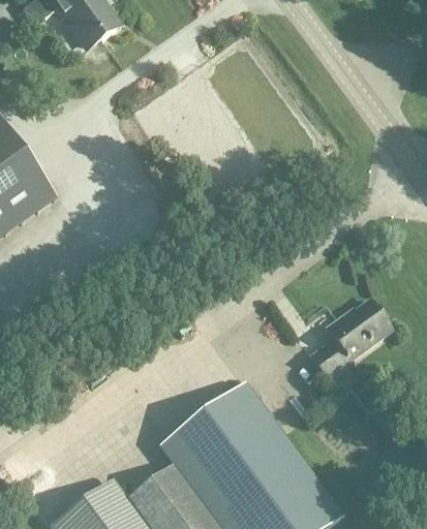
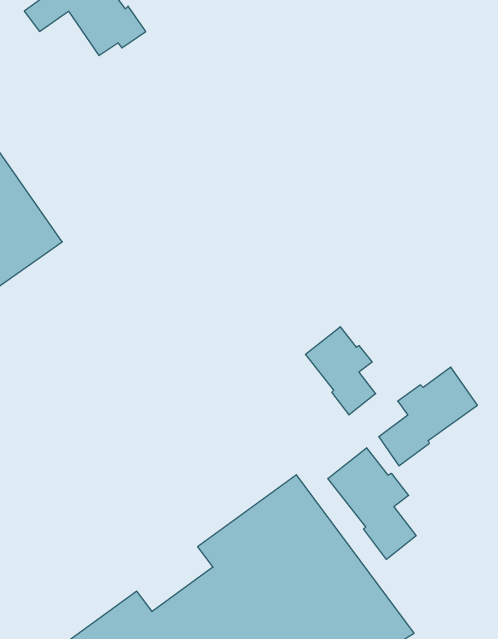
building: none -> [305,327,376,415]
building: none -> [328,448,416,559]

